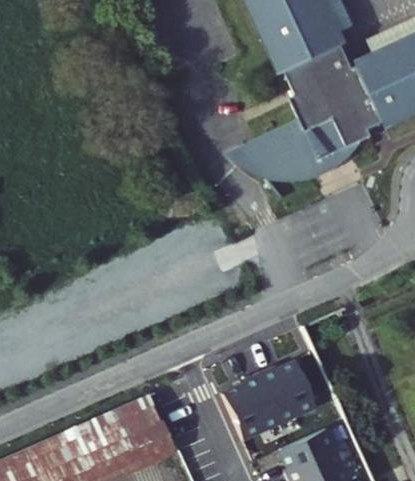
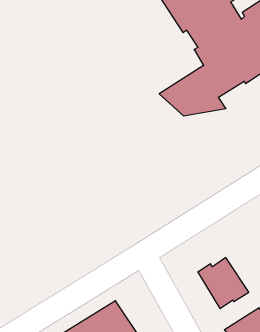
building: [224,374,280,441] -> none

